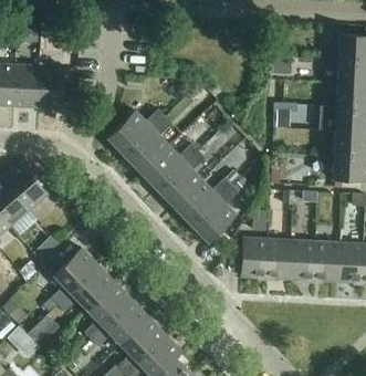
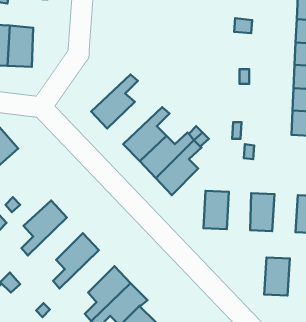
building: [107,108,165,155] -> none
building: [140,139,198,189] -> none
building: [265,239,291,279] -> none
building: [313,241,339,281] -> [264,257,290,296]
building: [52,265,115,318] -> none
building: [91,300,148,346] -> none

